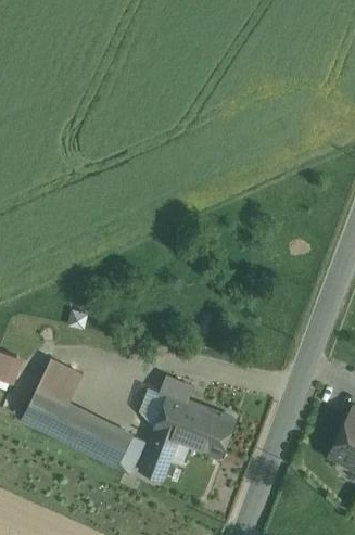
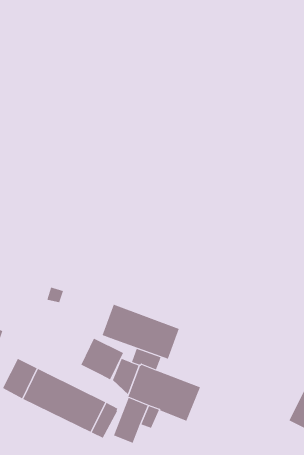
building: none -> [102,304,179,359]
building: [37,358,84,404] -> [80,338,124,380]

